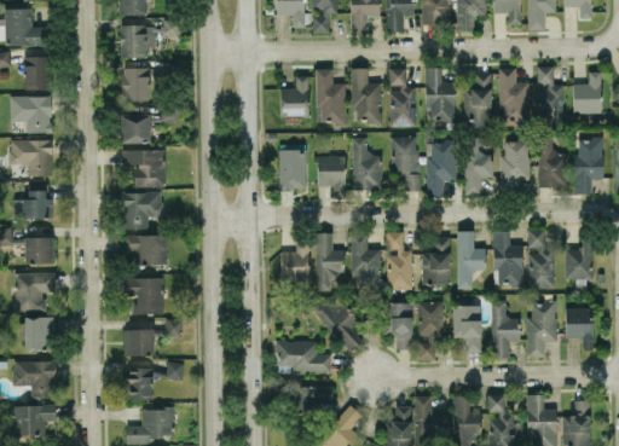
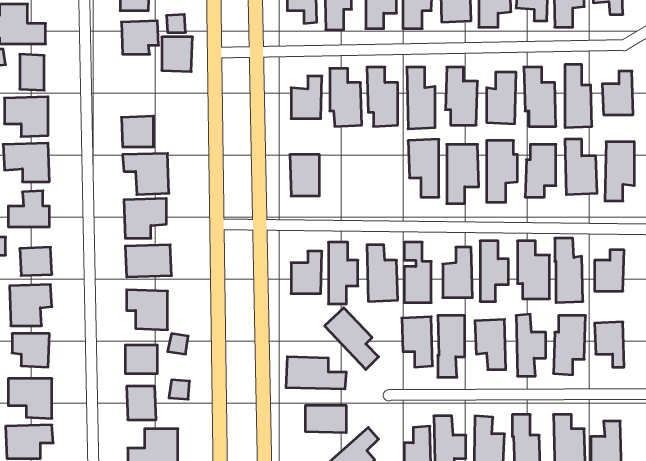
building: [122,68,151,100] -> [162,37,193,72]
building: [353,137,382,190] -> none
building: [317,155,346,197] -> none

